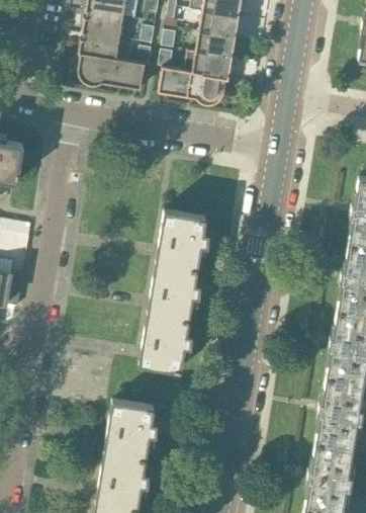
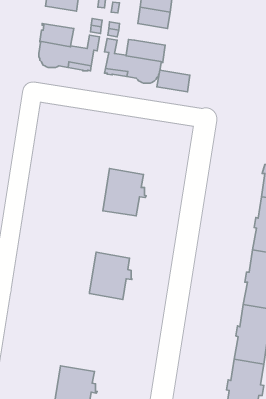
building: [83,11,124,38] -> none
building: [195,32,236,59] -> [157,70,190,92]
building: [149,261,200,319] -> none
building: [105,400,158,457] -> none

